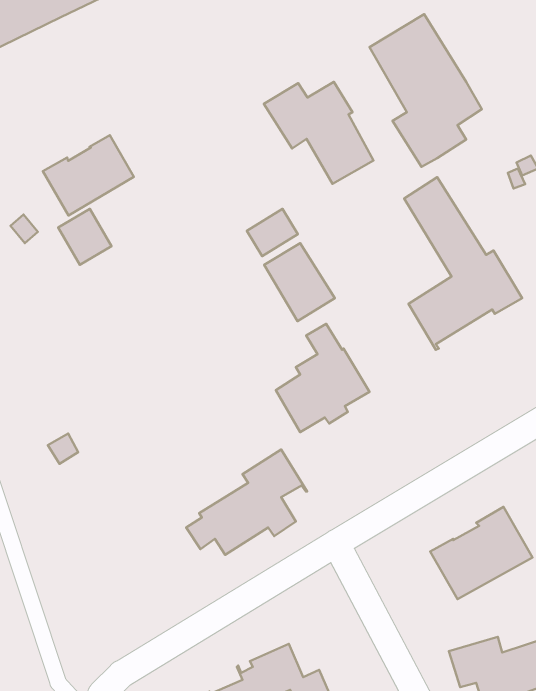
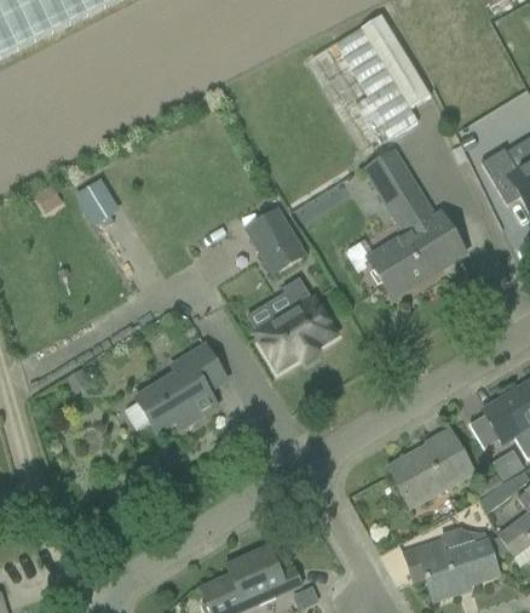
building: [264,82,373,184] -> none
building: [43,135,134,215] -> none
building: [247,209,298,256] -> none
building: [186,450,307,555] -> [125,344,226,432]

